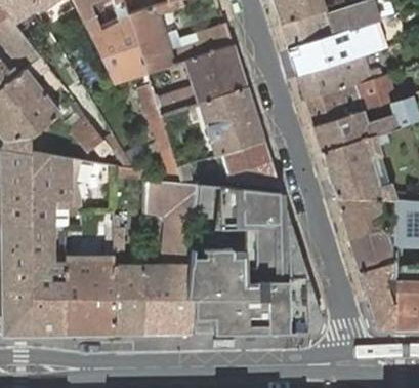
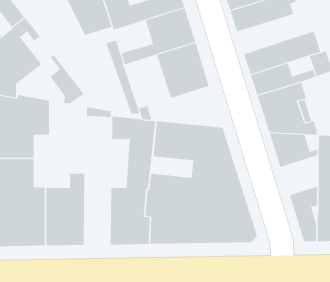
building: [296,54,383,102] -> none
building: [221,141,278,186] -> none
building: [112,216,143,334] -> none
building: [348,225,394,273] -> none

